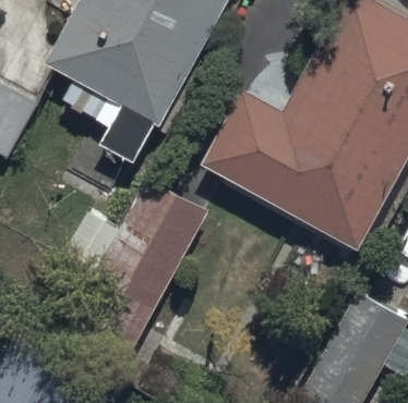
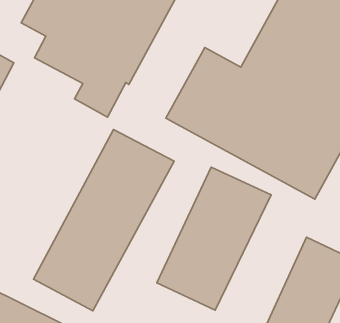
building: none -> [157,167,271,310]

